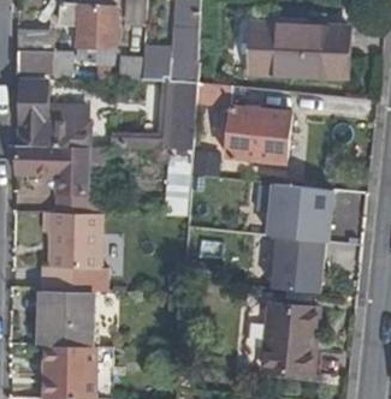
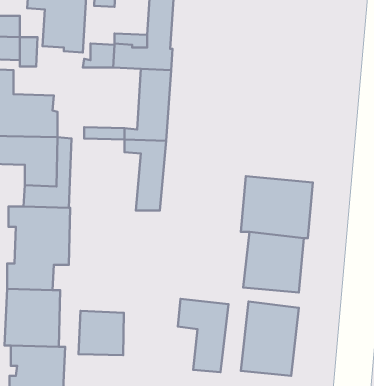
building: [250,23,349,77] -> none
building: [232,106,301,167] -> none
building: none -> [178,299,229,372]
building: none -> [78,311,124,355]

